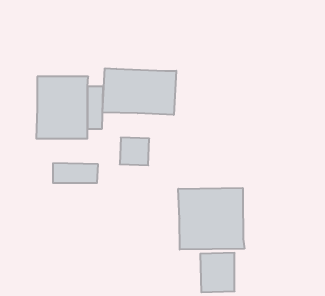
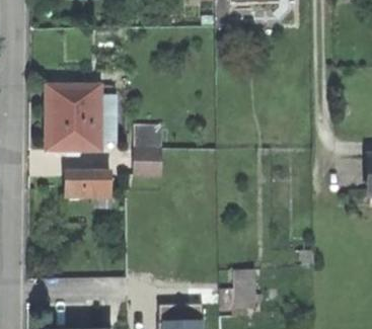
building: [102,68,176,115] -> none
building: [178,188,244,250] -> none

